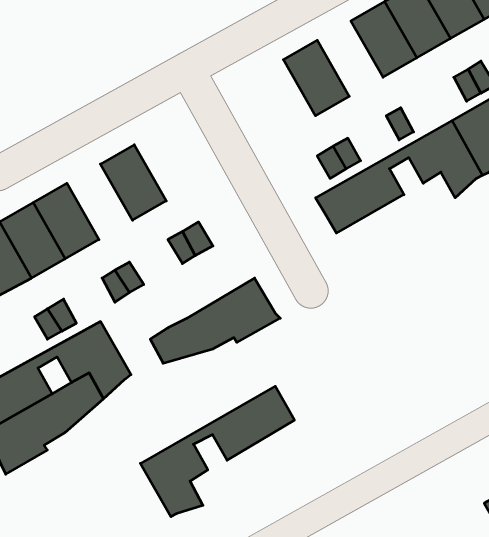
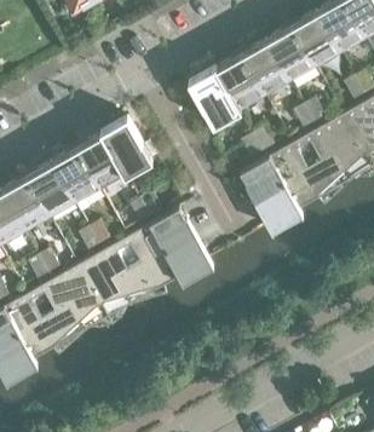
building: none -> [241,40,290,97]
building: none -> [188,67,240,126]
building: none -> [102,116,153,175]
building: none -> [52,148,102,205]
building: none -> [255,154,345,231]
building: [140,386,294,517] -> [77,208,194,306]

